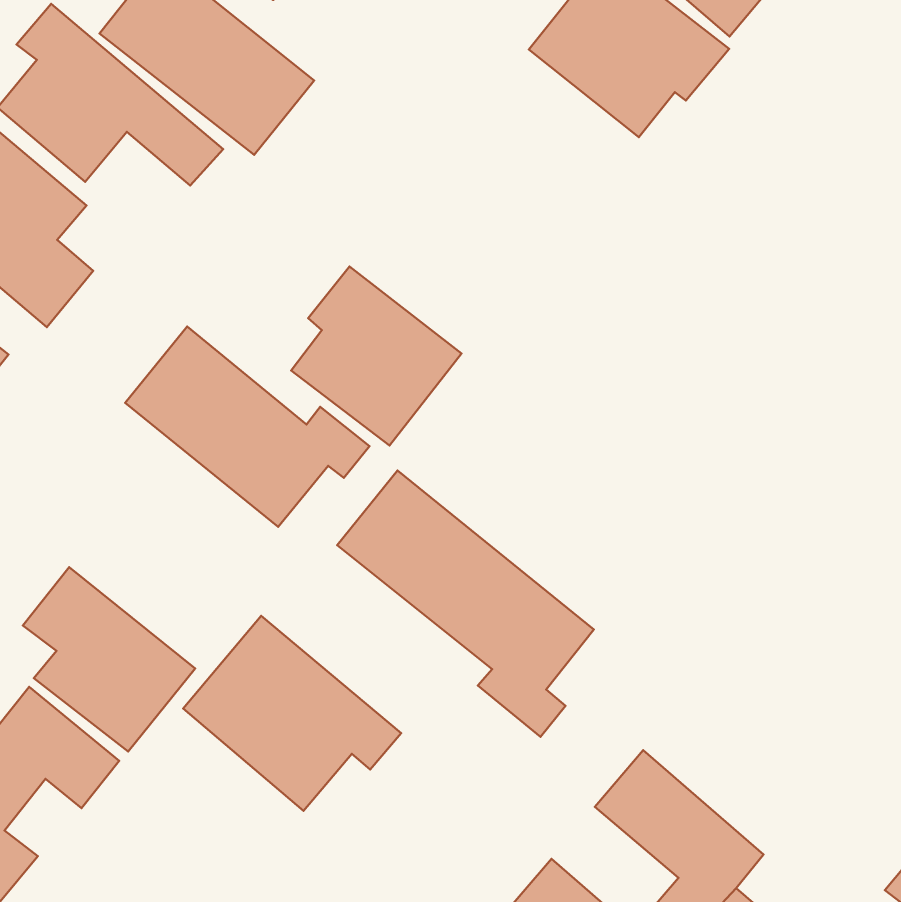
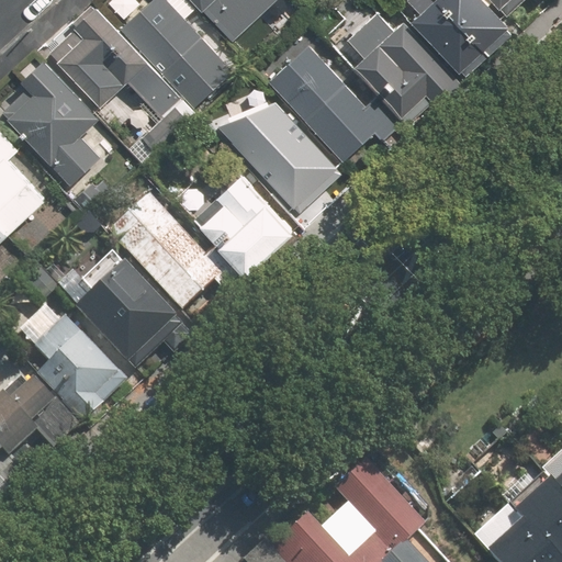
building: none -> [267,43,398,161]
building: none -> [223,83,338,220]
building: [337,471,594,737] -> none
building: [183,616,401,811] -> [74,261,191,371]

